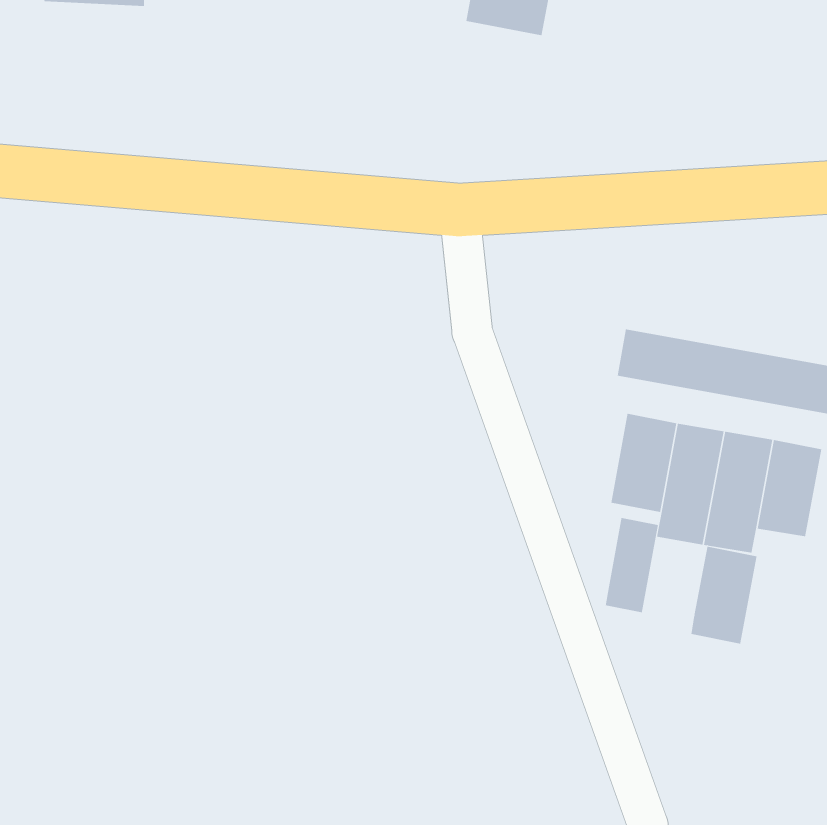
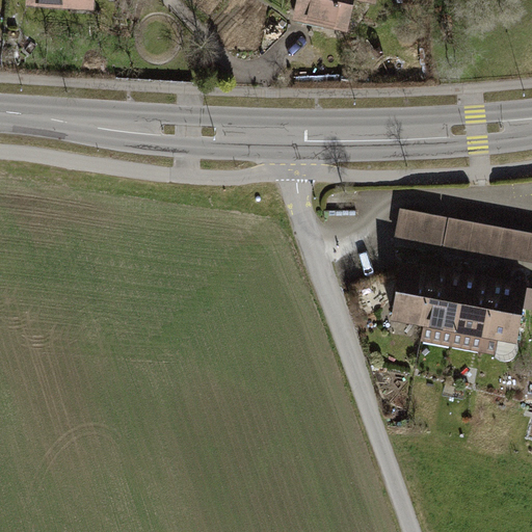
building: [605,517,658,613] -> none
building: [691,546,757,645] -> none

